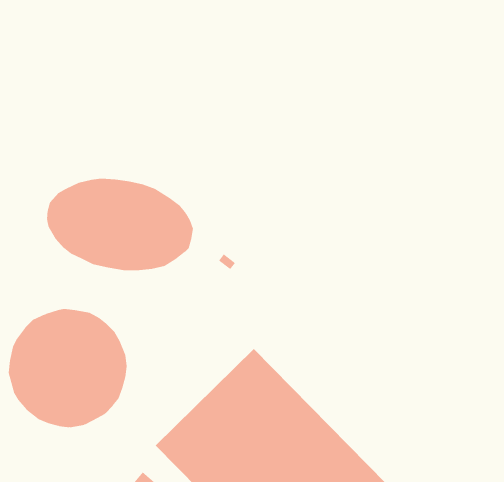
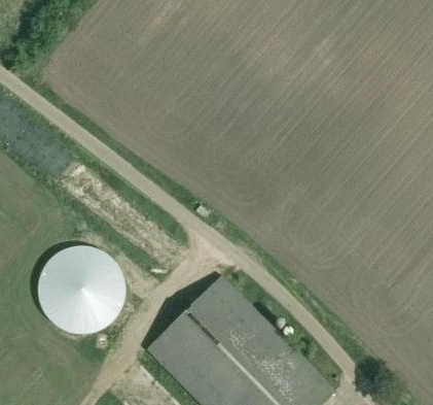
building: [47,178,194,271] -> none

